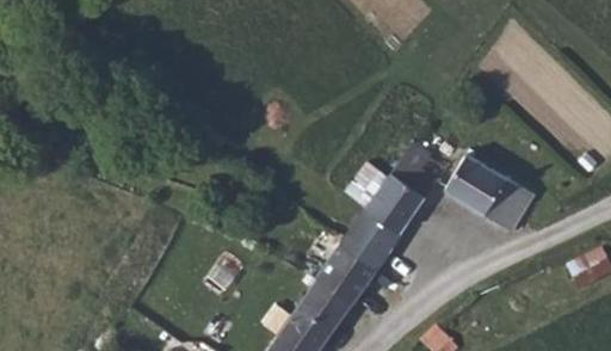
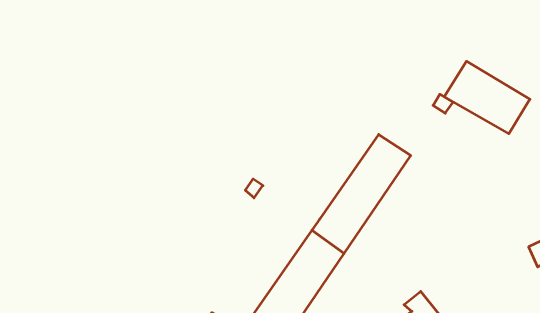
building: [442,154,533,232] -> [444,61,530,134]

